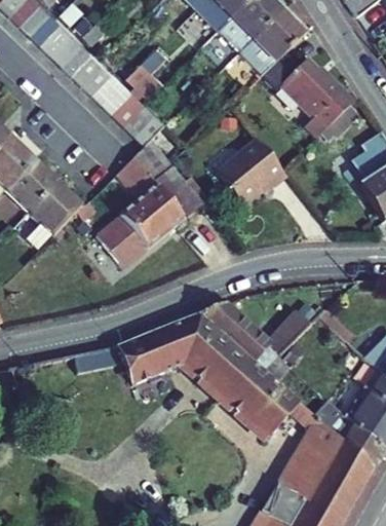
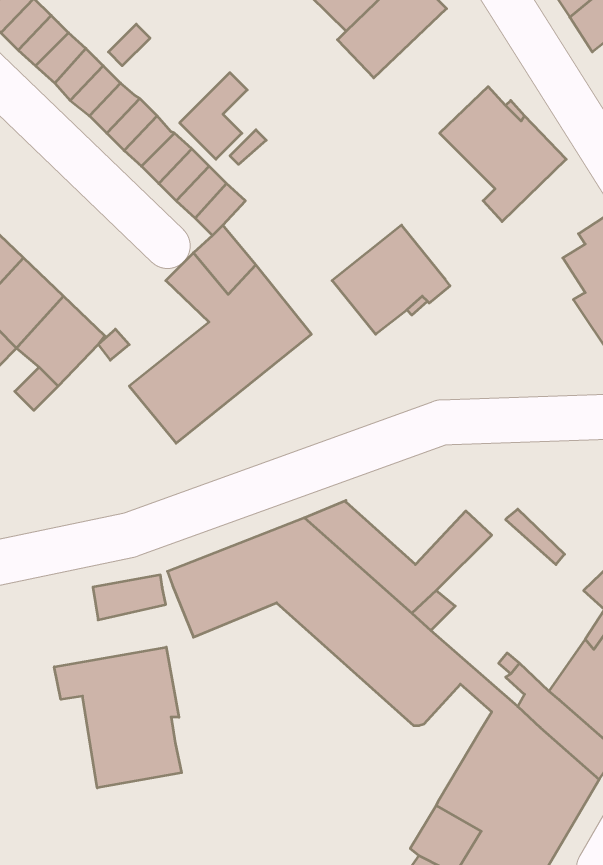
building: [239,10,305,75] -> none
building: none -> [54,647,182,788]

